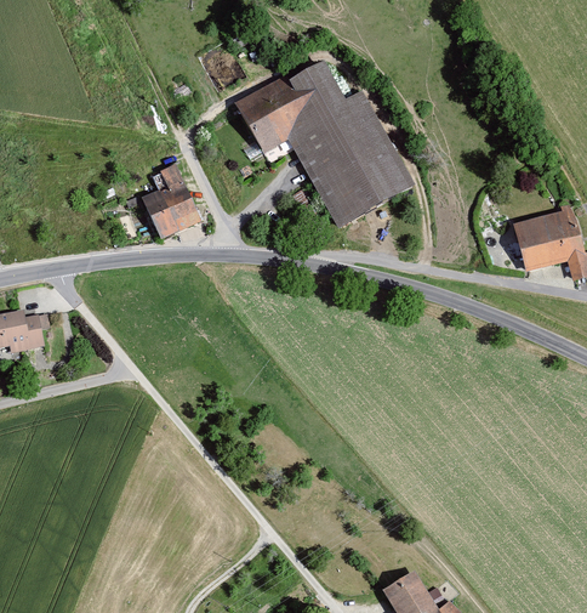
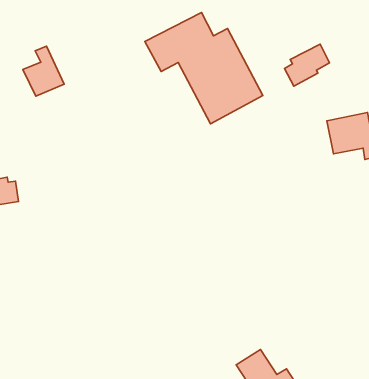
building: none -> [284,44,329,86]
building: [138,164,200,239] -> [23,46,64,96]

